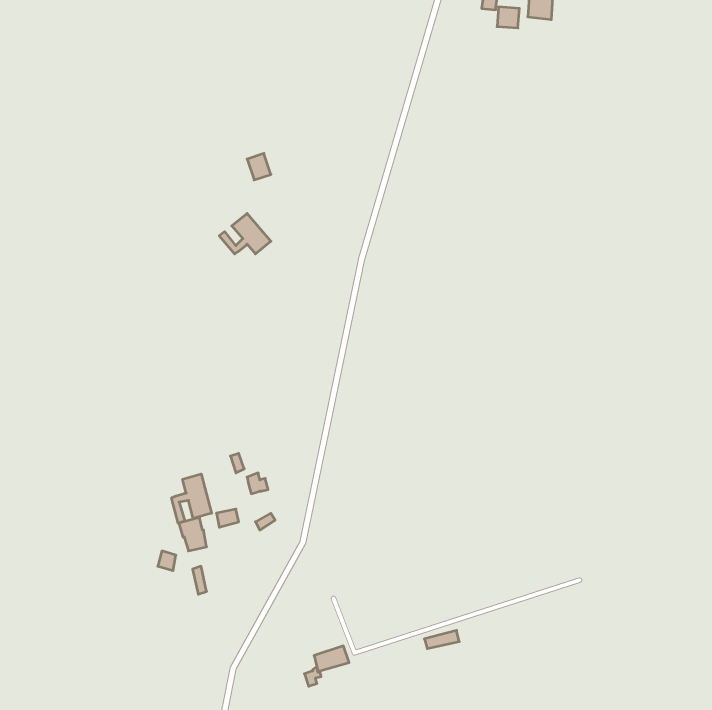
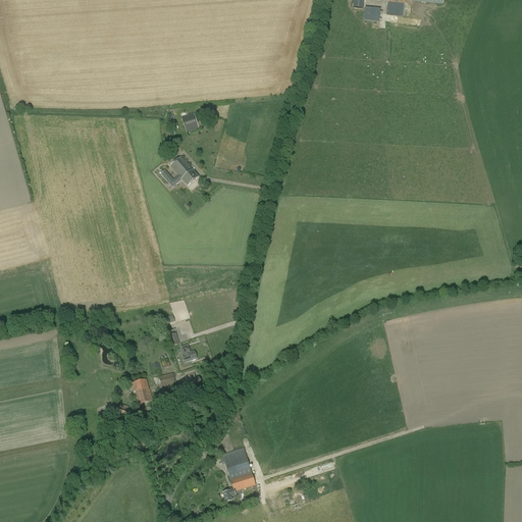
building: [172,474,212,523] -> none
building: none -> [221,448,251,479]

